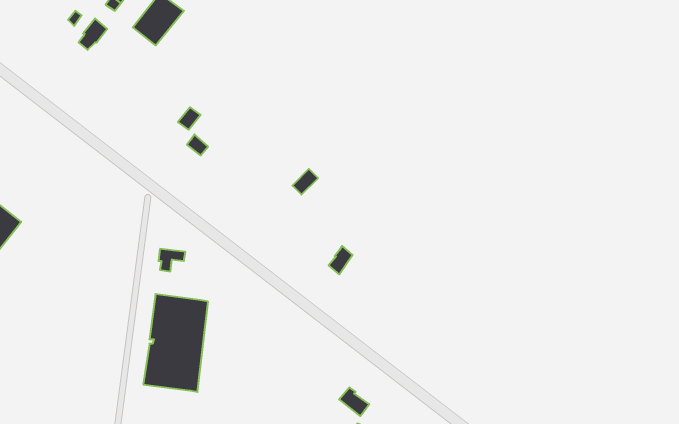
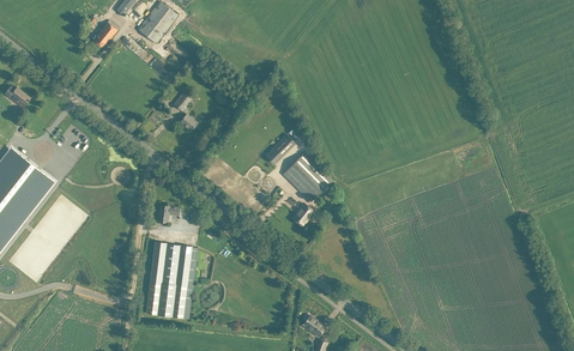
building: none -> [283,152,331,201]

